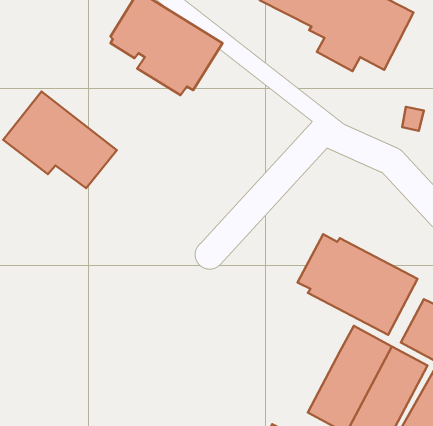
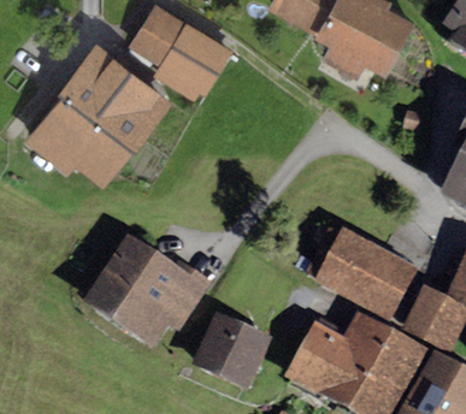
building: none -> [58,37,173,147]
building: none -> [82,233,211,348]
building: none -> [194,314,275,391]
building: none -> [284,321,344,395]

